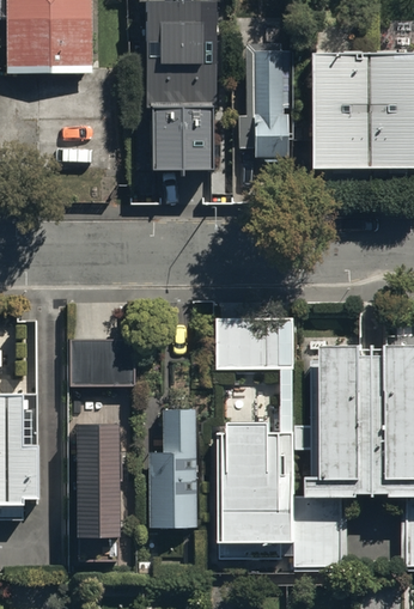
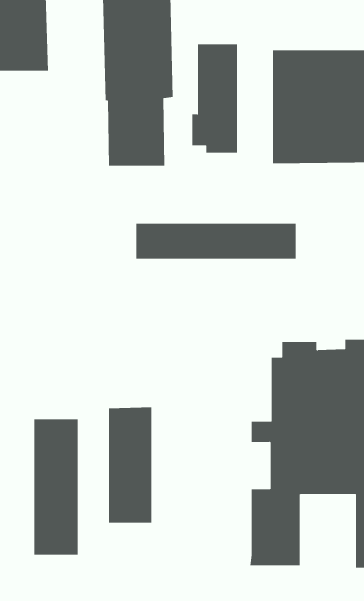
building: none -> [136,223,296,259]
building: [217,317,294,561] -> none
building: [67,340,135,388] -> none

